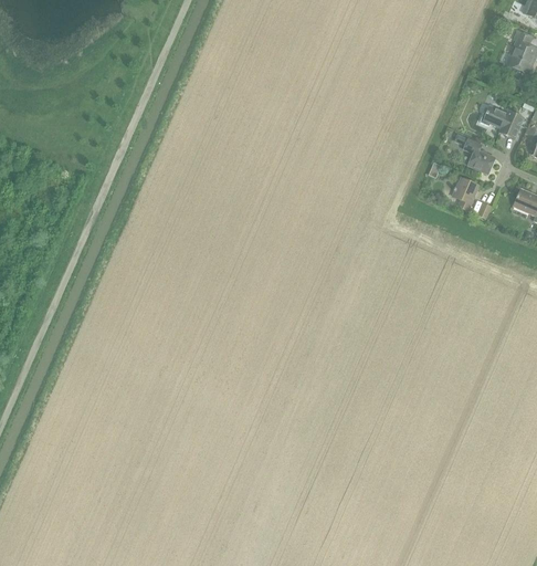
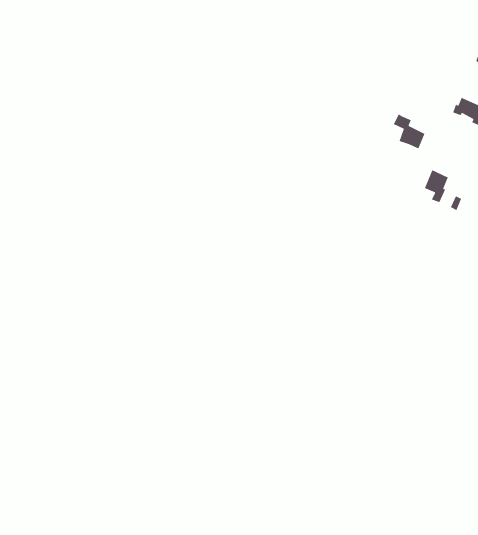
building: [462,137,494,172] -> [393,113,425,149]

